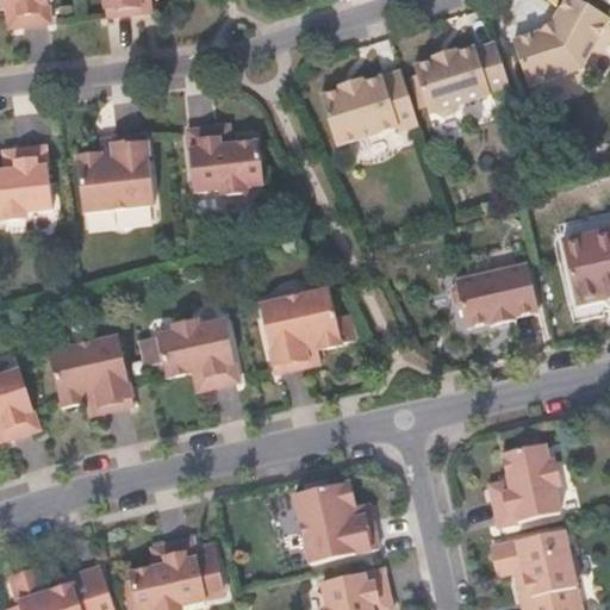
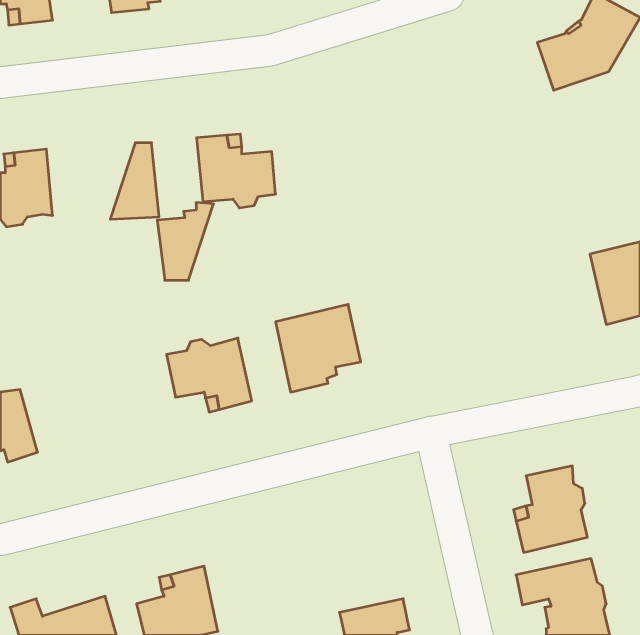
building: [411,42,509,114] -> none
building: [318,70,418,145] -> none
building: [75,135,129,208] -> [157,203,214,280]
building: [450,264,536,328] -> none
building: [46,338,131,416] -> none
building: [295,488,379,565] -> none

